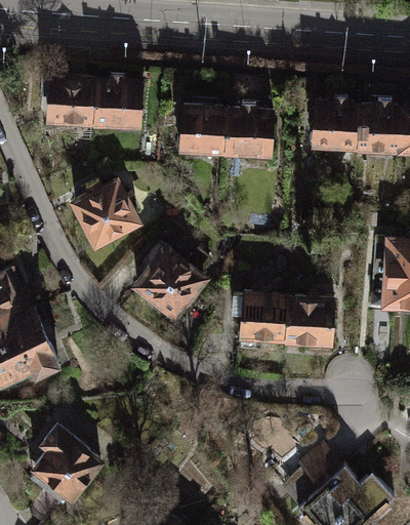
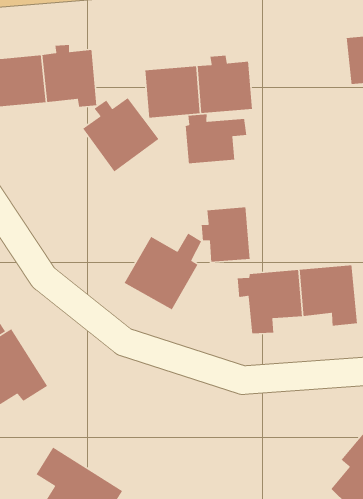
building: [312,100,359,150] -> none
building: none -> [185,114,247,164]
building: [73,184,137,247] -> [82,97,159,173]
building: none -> [201,207,250,263]

